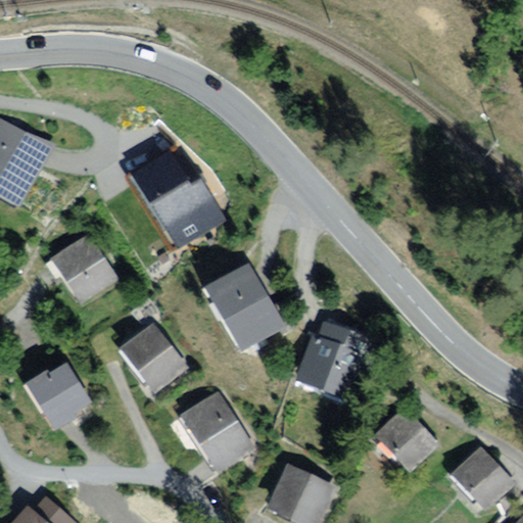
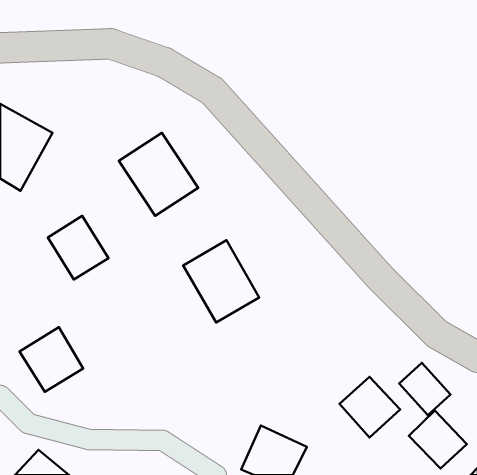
building: [297,321,365,399] -> none
building: [122,323,191,394] -> none
building: [182,390,258,474] -> none
building: none -> [399,363,450,415]

